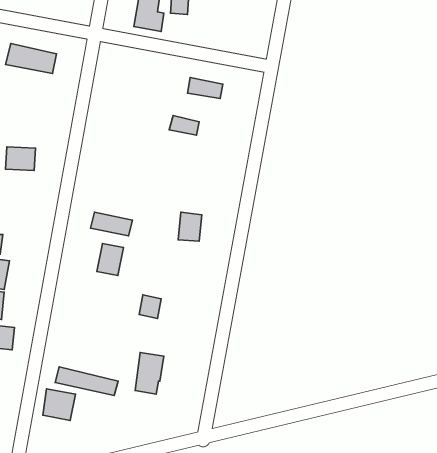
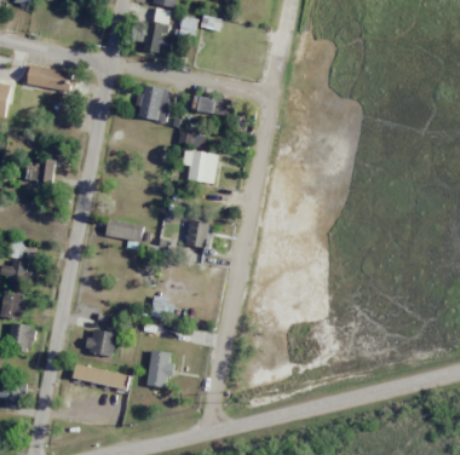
building: none -> [138,85,172,122]
building: none -> [184,150,217,182]
building: [97,244,124,276] -> none
building: [43,389,75,420] -> [87,328,117,357]

